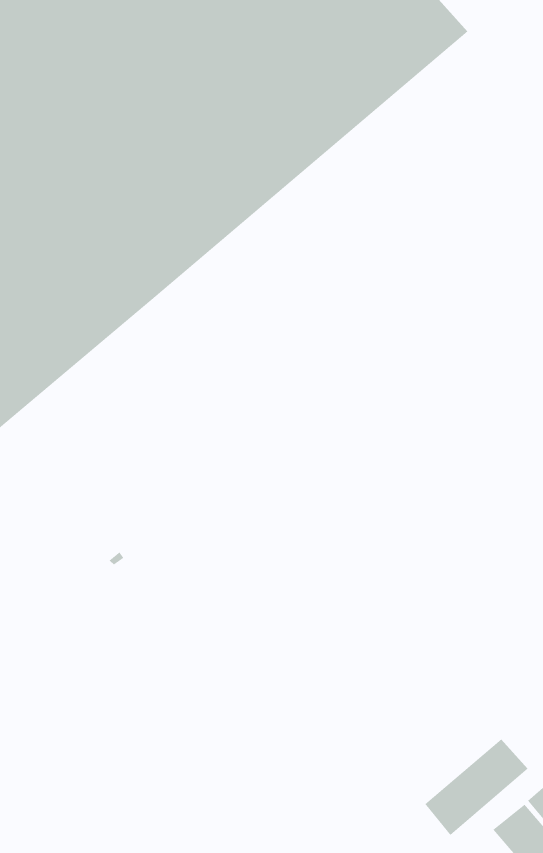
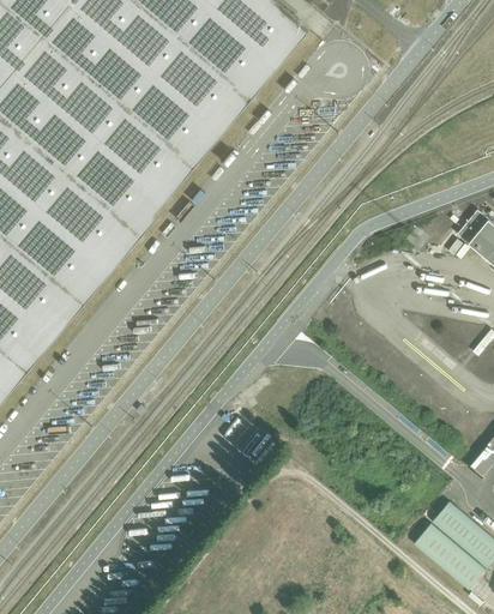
building: [425,738,529,836] -> none

